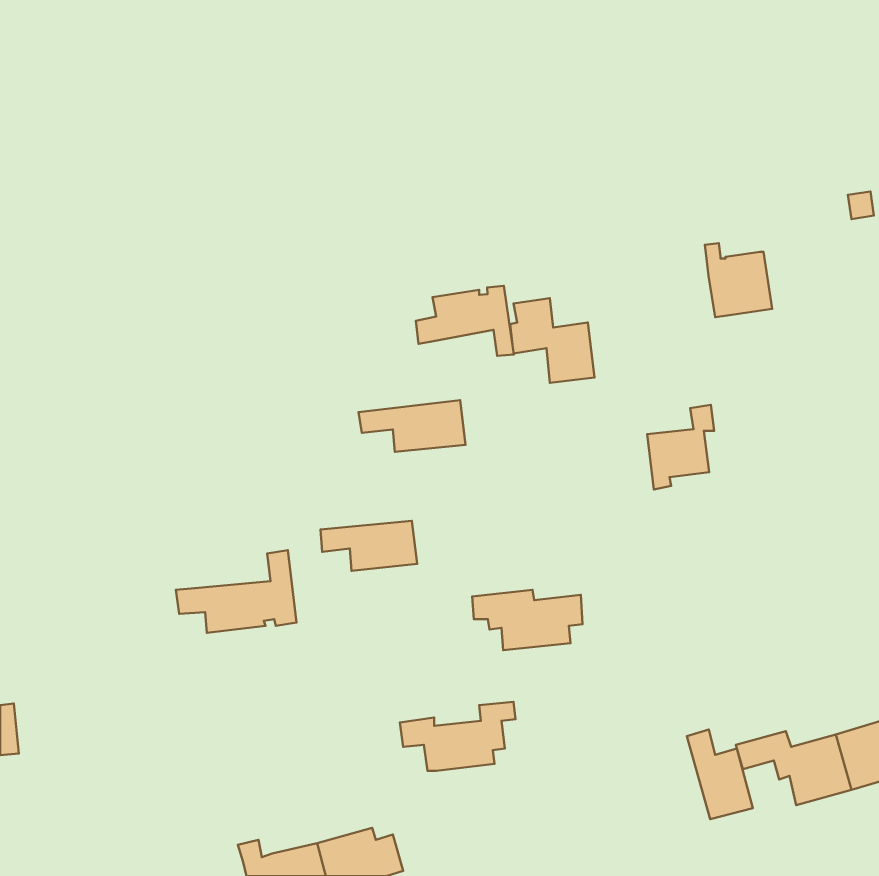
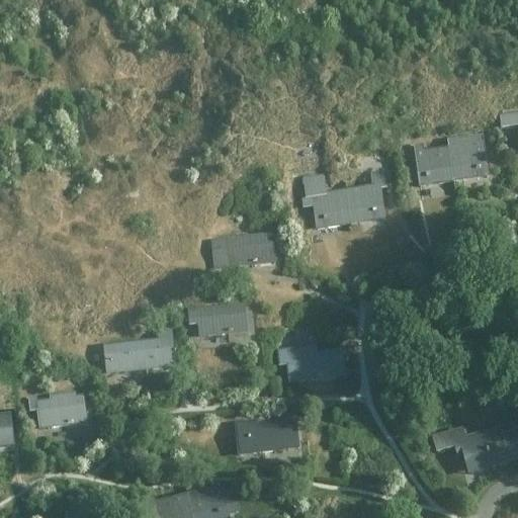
building: none -> [446,133,486,181]
building: [416,286,514,356] -> none
building: [647,405,714,489] -> [346,172,385,222]
building: none -> [28,392,87,428]
building: [687,730,753,819] -> none

